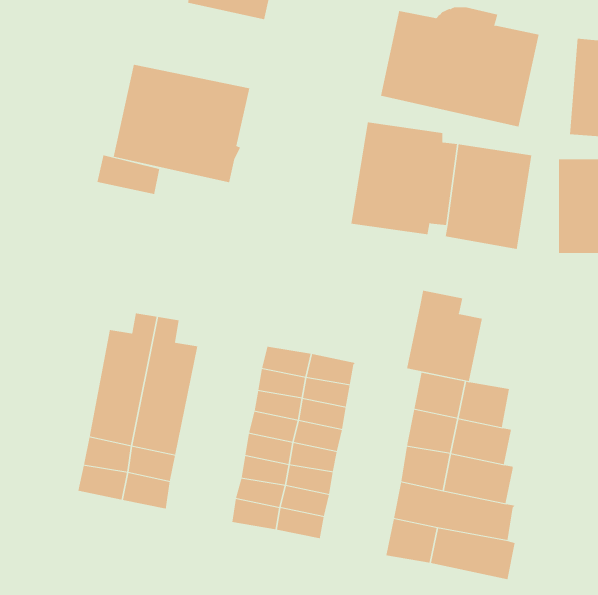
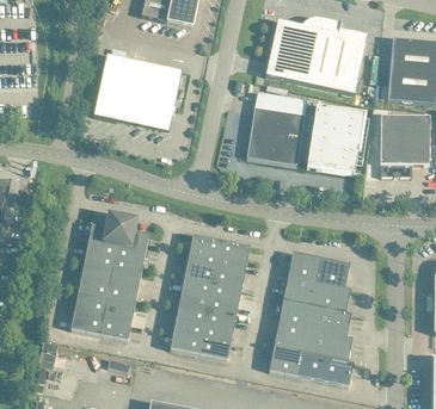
building: [97,155,160,195] -> none
building: [406,290,482,382] -> none

